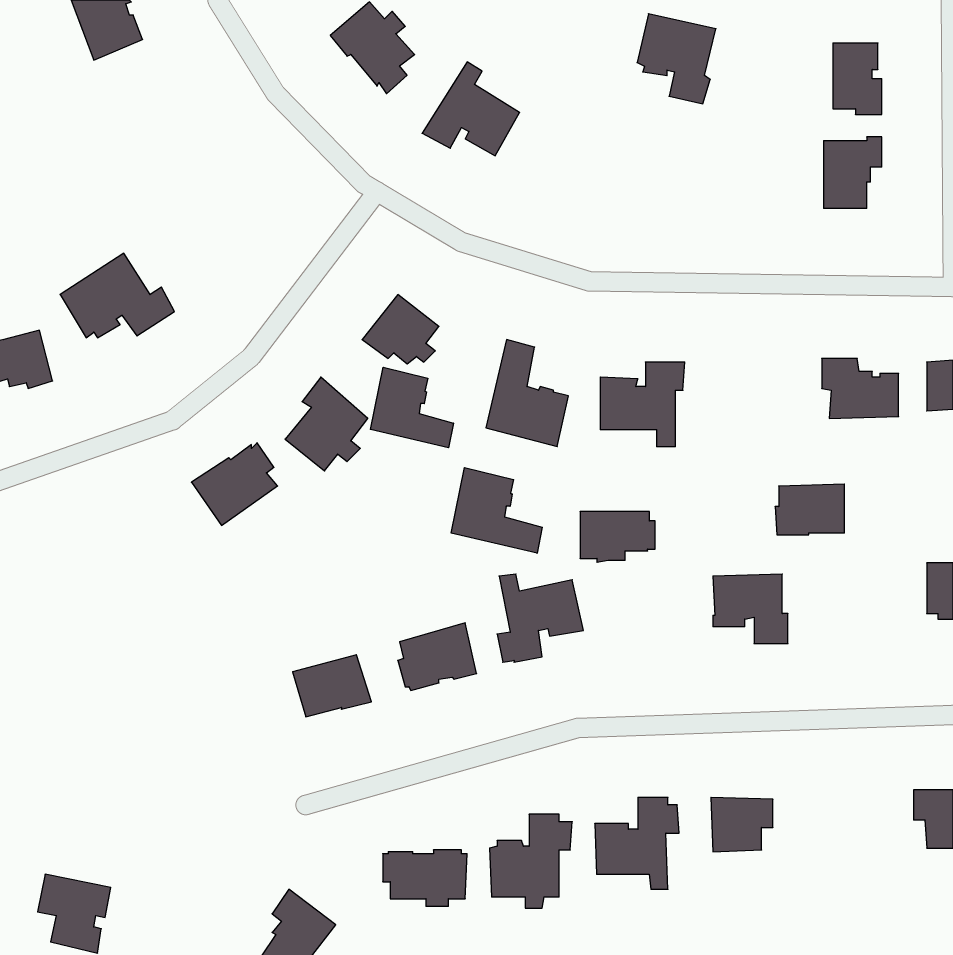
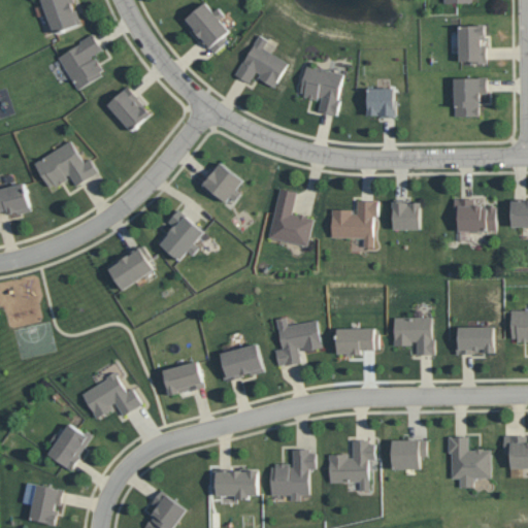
building: [637,14,716,104] -> [298,66,341,116]
building: none -> [56,34,101,91]
building: none -> [106,87,148,131]
building: none -> [365,89,393,119]
building: none -> [390,201,419,230]
building: [370,367,453,448] -> none
building: [451,468,542,553] -> none
building: [775,484,844,535] -> [454,327,492,355]
building: [580,512,655,562] -> [335,329,376,357]
building: none -> [80,372,140,419]
building: none -> [46,424,91,471]
building: none -> [447,437,489,488]

